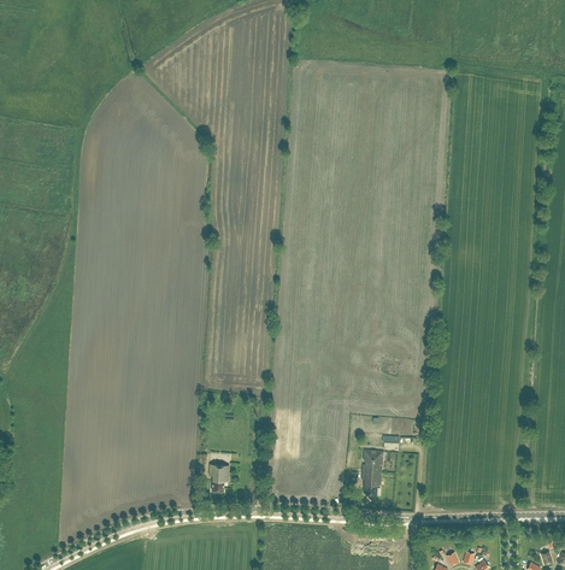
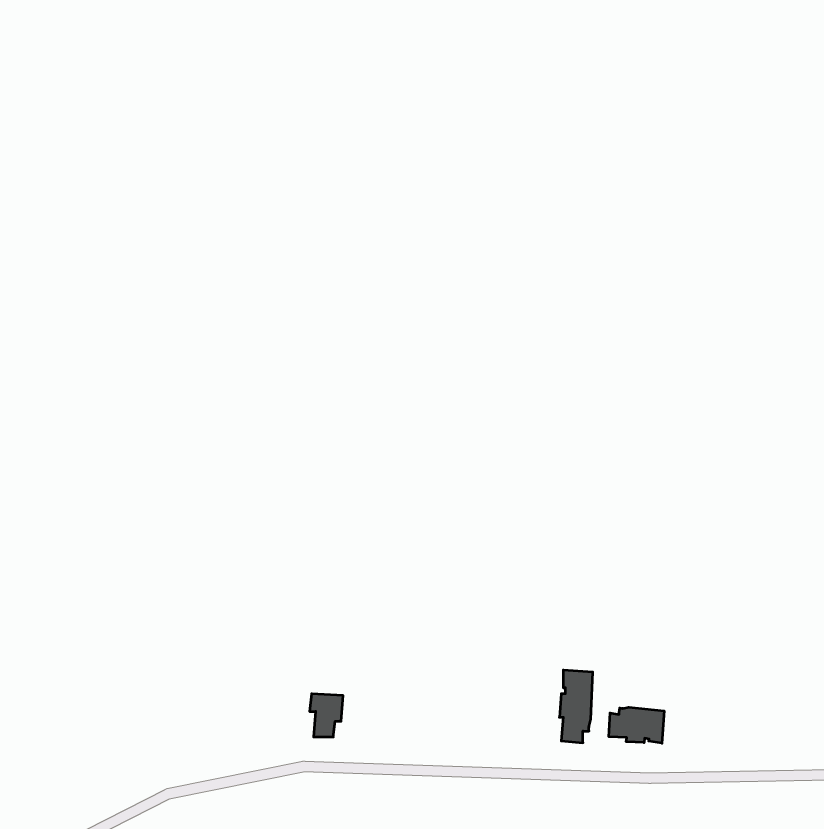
building: none -> [609,707,664,743]

